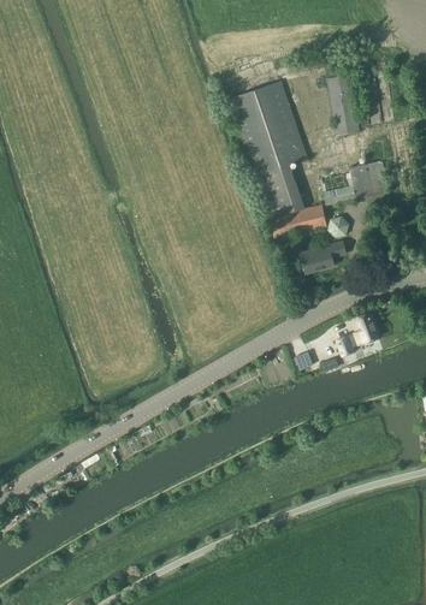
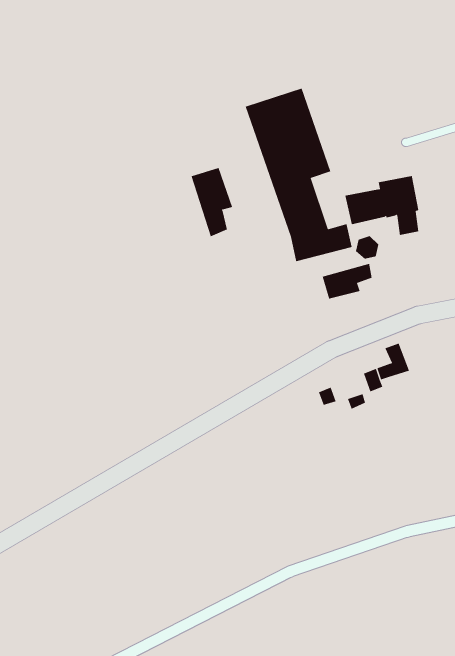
building: [327,73,361,136] -> none
building: none -> [191,167,233,237]

